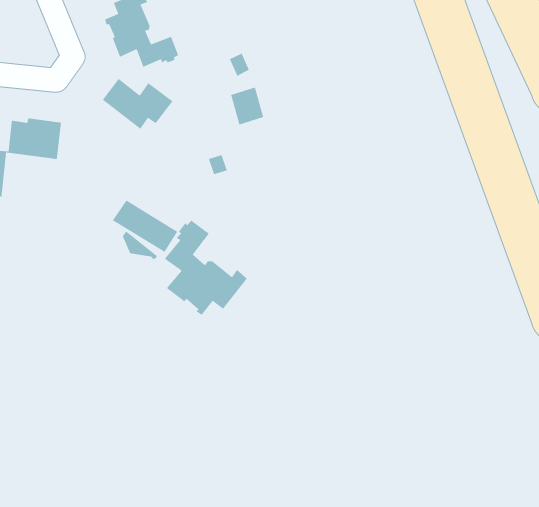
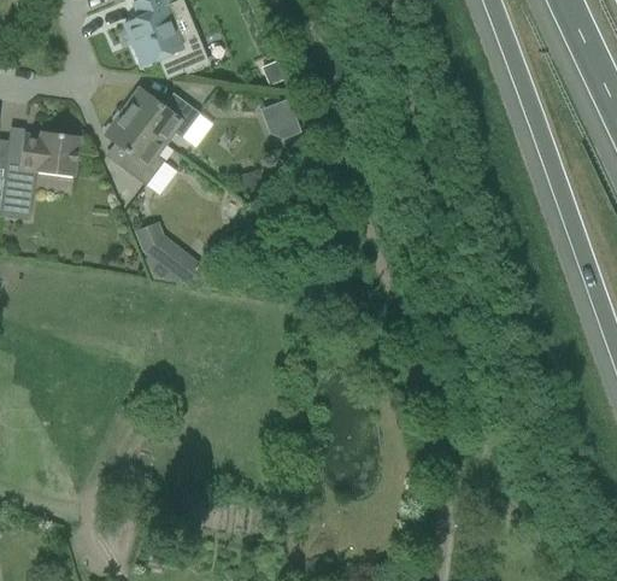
building: none -> [104,111,164,186]
building: [164,220,248,316] -> none

